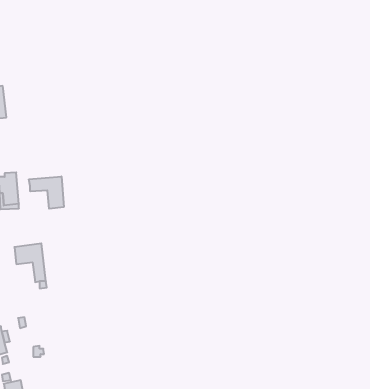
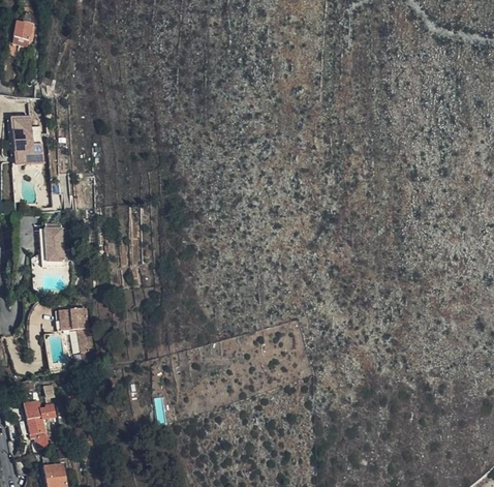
building: [29,176,64,209] -> none

